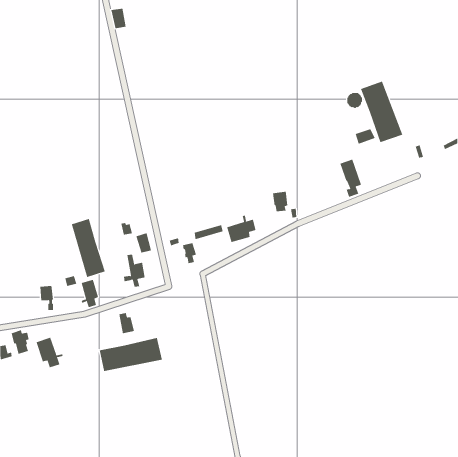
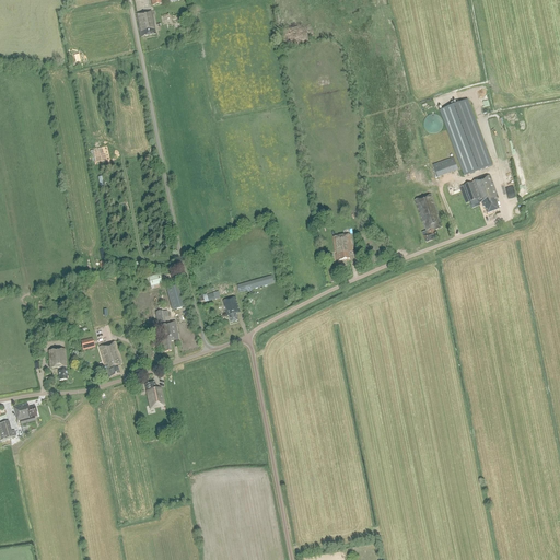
building: none -> [458,174,498,212]
building: [226,215,256,243] -> none
building: [71,218,105,278] -> none
building: [36,337,63,368] -> none
building: [99,337,162,372] -> none

